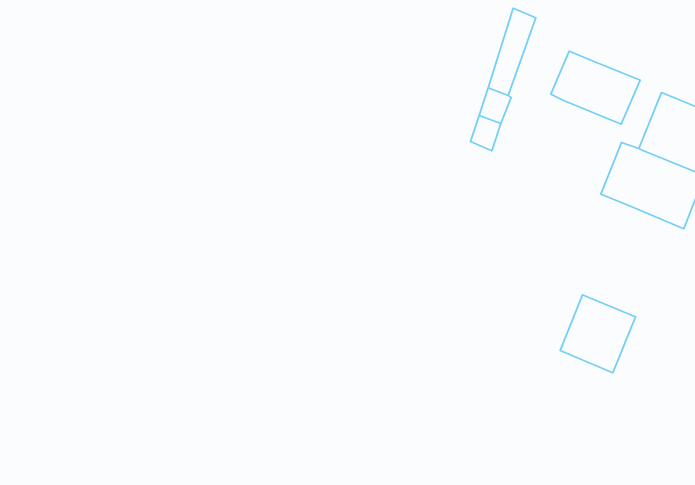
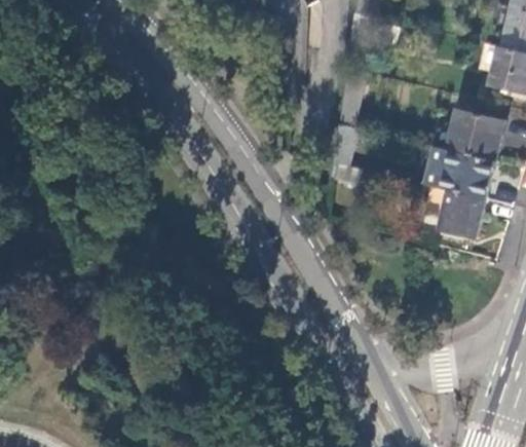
building: [551,51,640,124] -> none
building: [560,295,636,373] -> [438,189,485,238]

